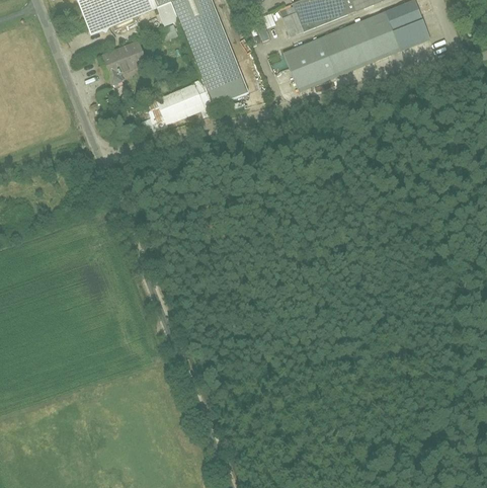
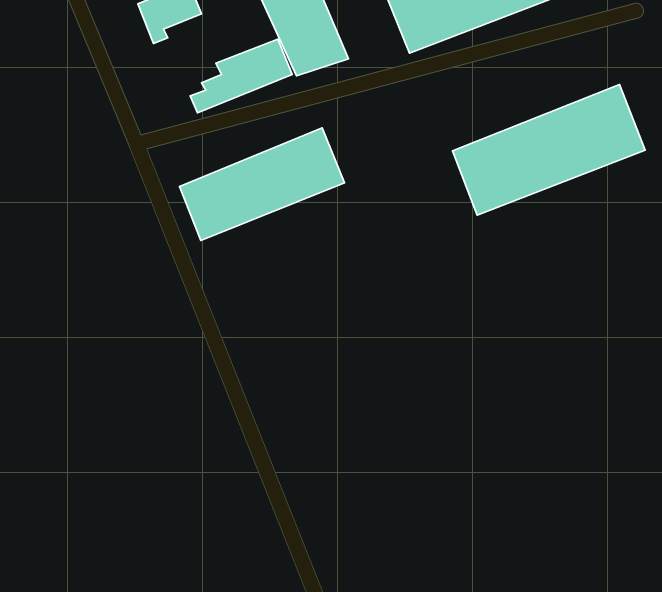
building: none -> [453,84,645,215]
building: none -> [179,128,344,240]

